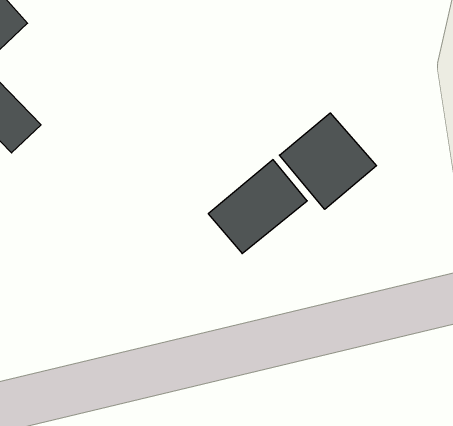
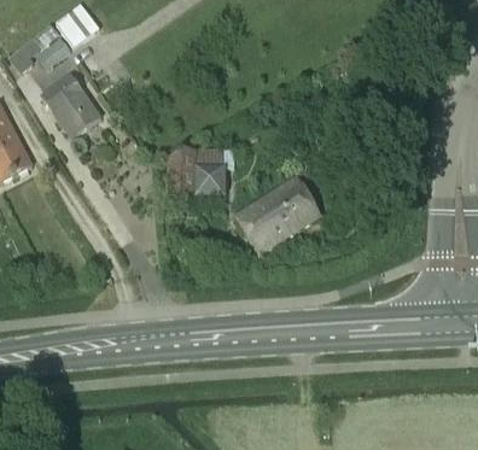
building: [279,113,377,209] -> none
building: none -> [164,146,225,197]

